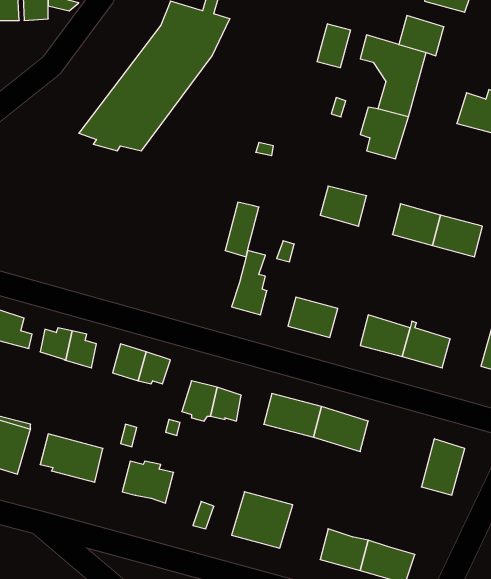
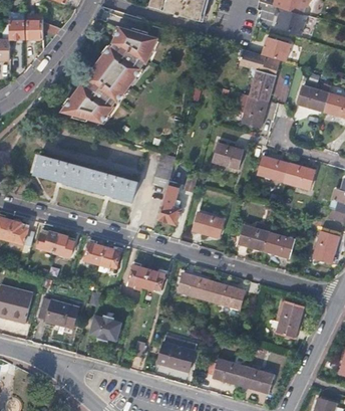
building: [317,24,351,68] -> none
building: none -> [33,156,136,201]

